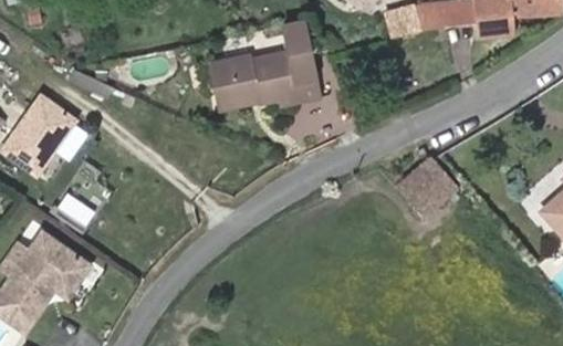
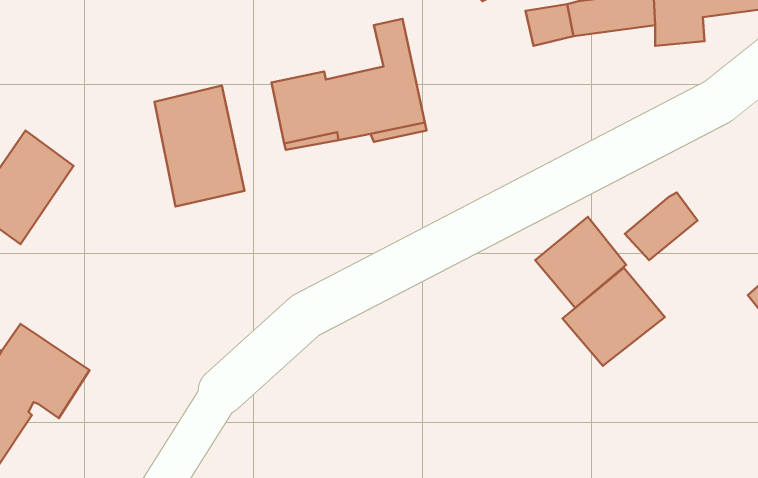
building: none -> [155,86,244,207]
building: none -> [625,193,698,260]
building: none -> [562,268,665,366]

